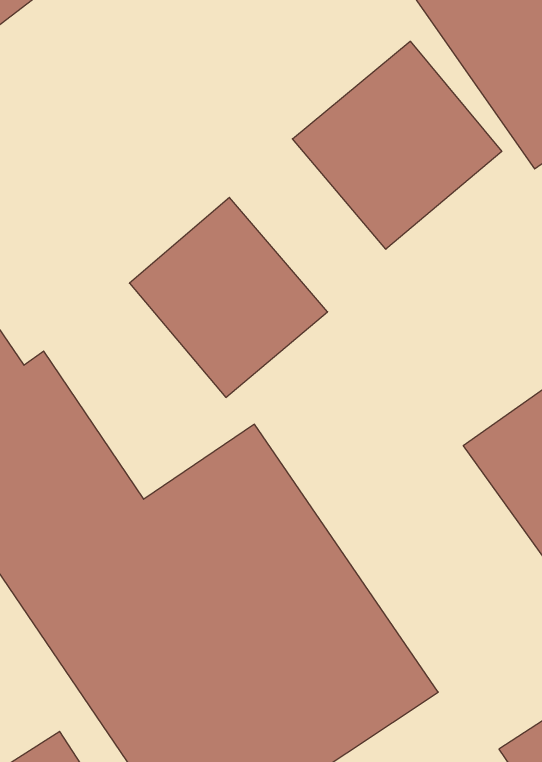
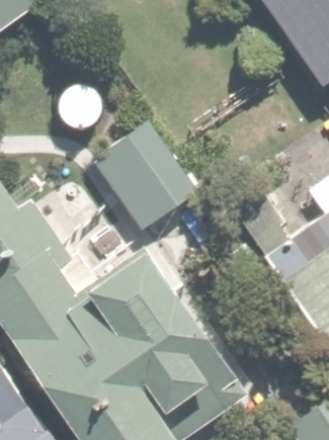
building: [292,41,502,249] -> none

